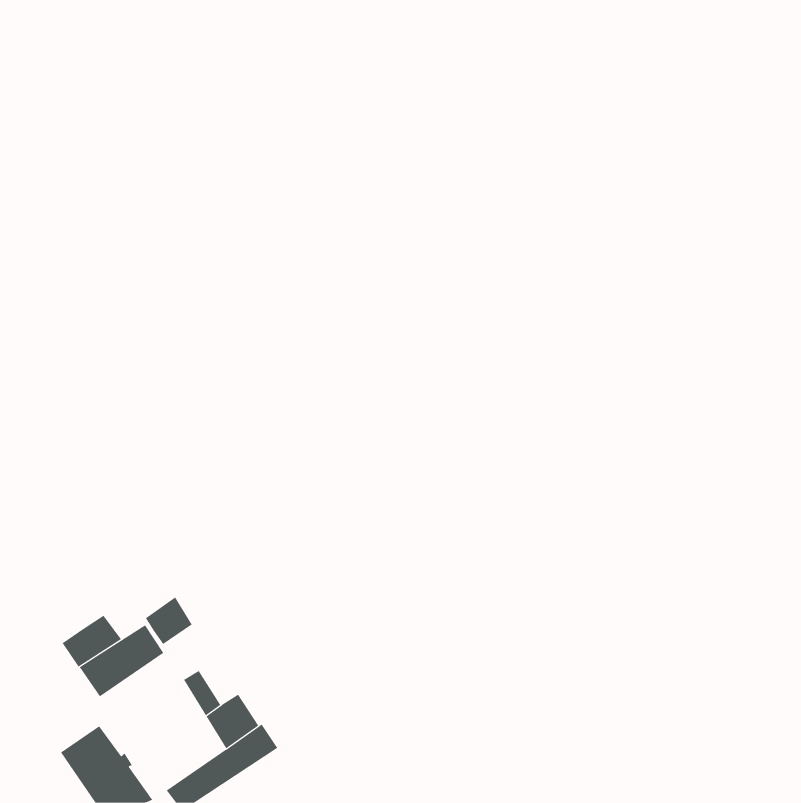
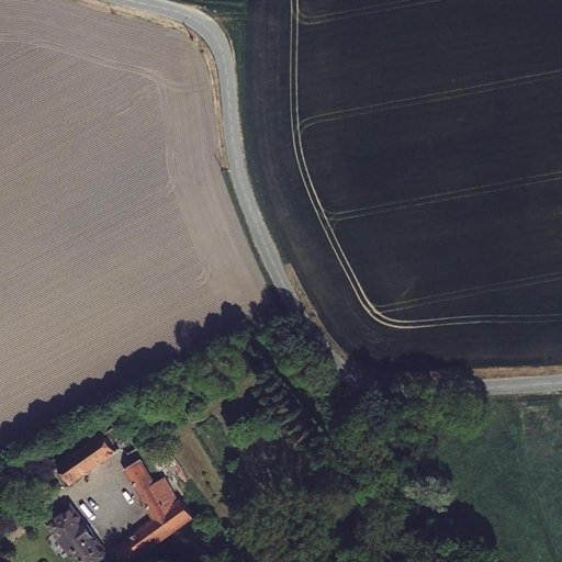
building: [145,596,193,645] -> none
building: [62,615,122,667] -> none

